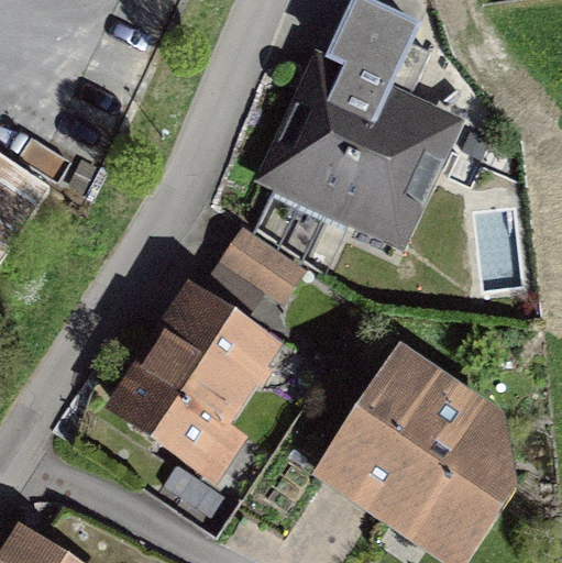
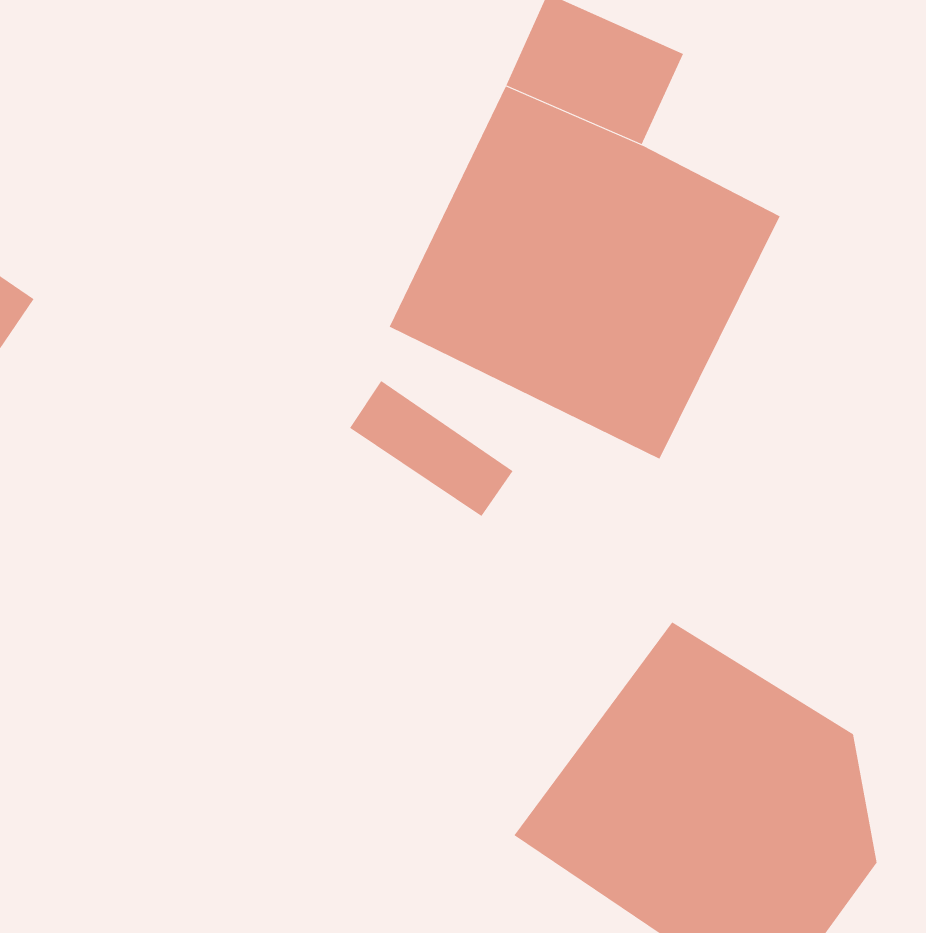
building: [109,280,288,467] -> none

